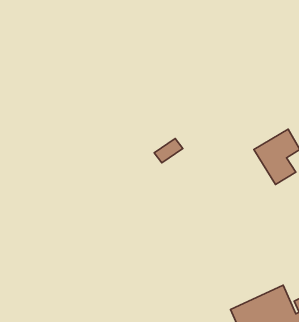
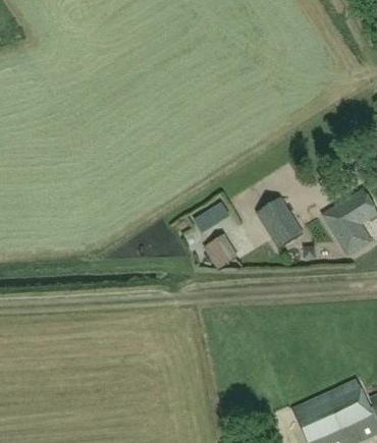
building: none -> [256,198,303,248]
building: none -> [203,233,238,270]

